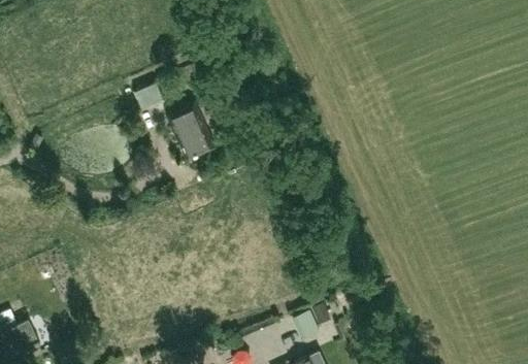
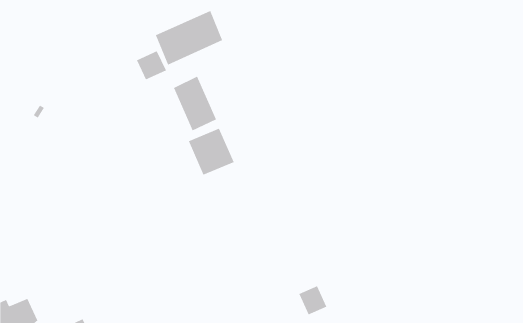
building: none -> [155,10,223,65]
building: none -> [188,128,235,175]

